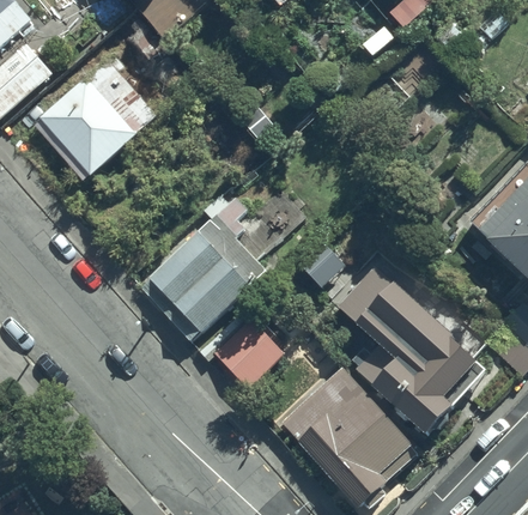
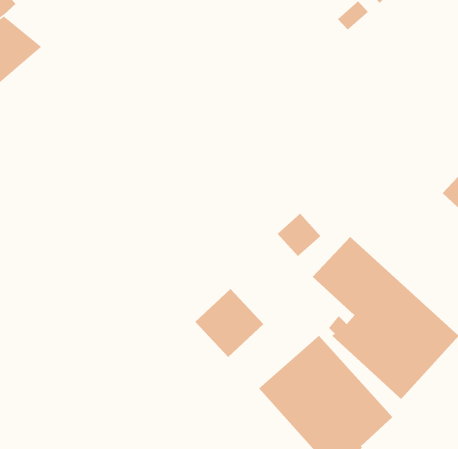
building: [38,47,163,177] -> none
building: [138,192,266,338] -> none

